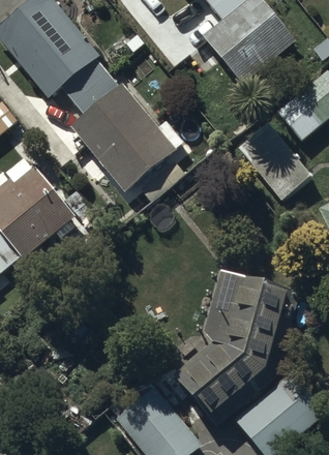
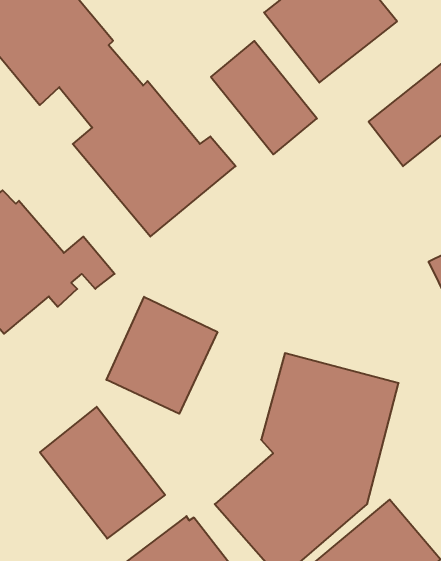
building: [238,122,311,201] -> [211,41,317,154]
building: none -> [106,297,217,414]
building: none -> [40,407,165,539]

